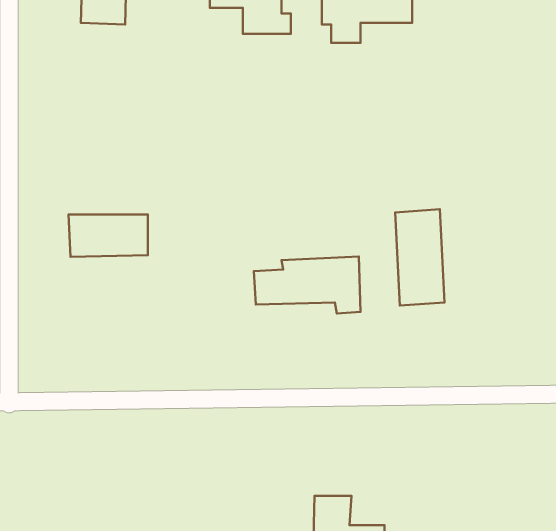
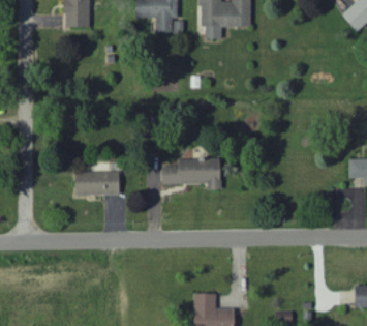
building: [395,209,444,306] -> none
building: [69,215,148,257] -> [75,171,120,195]

